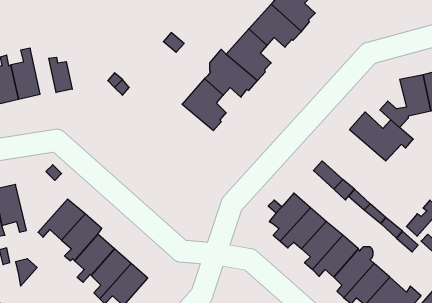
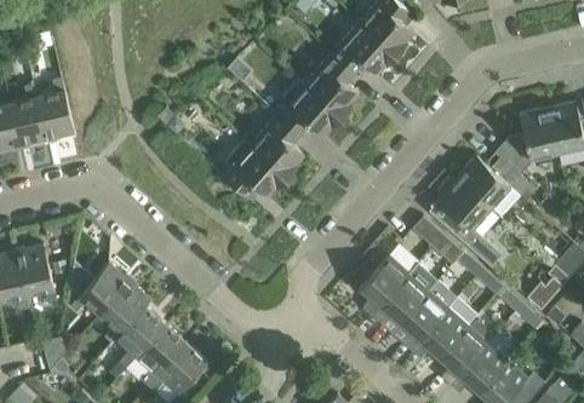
building: [49,57,72,93] -> none
building: none -> [223,146,288,198]
building: none -> [437,178,502,266]

